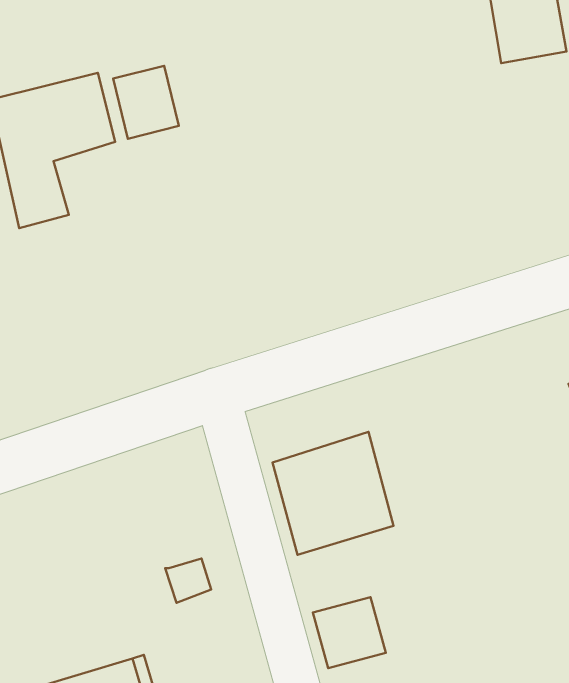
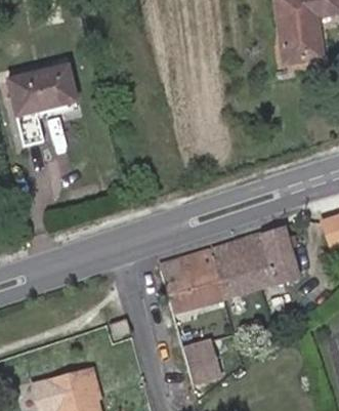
building: [113,66,179,139] -> none
building: none -> [213,234,297,304]

